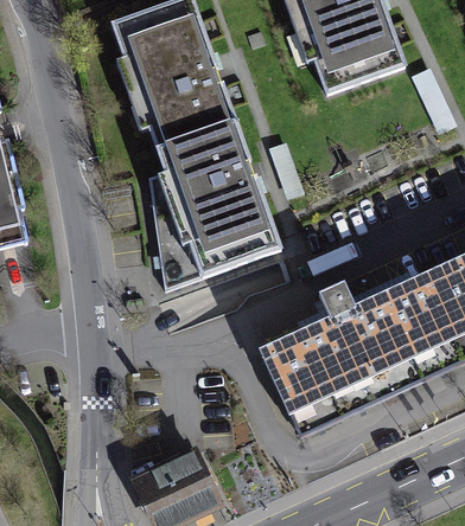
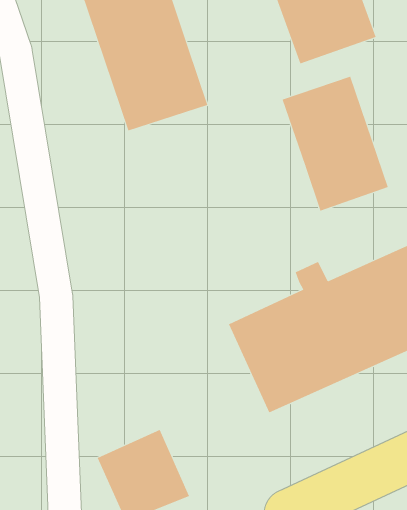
building: none -> [282,76,388,212]
building: [153,133,281,290] -> none

